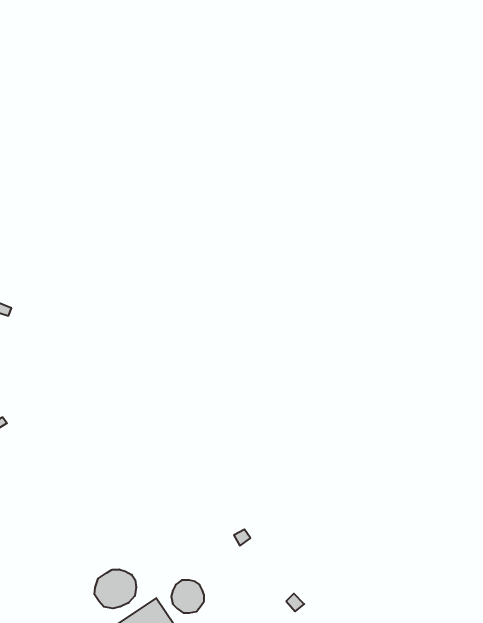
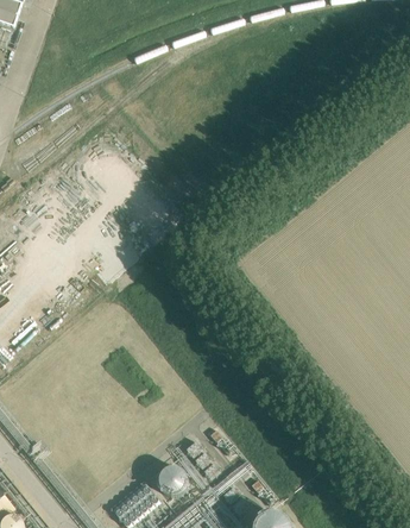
building: [94,569,136,608] -> none

